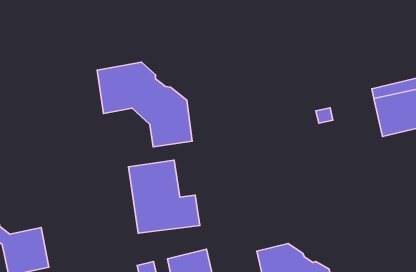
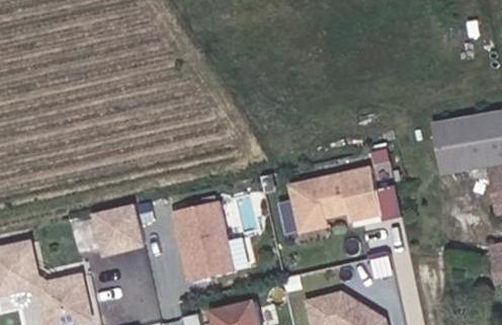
building: [97,62,192,147] -> none
building: none -> [289,166,402,230]
building: none -> [94,202,143,250]

